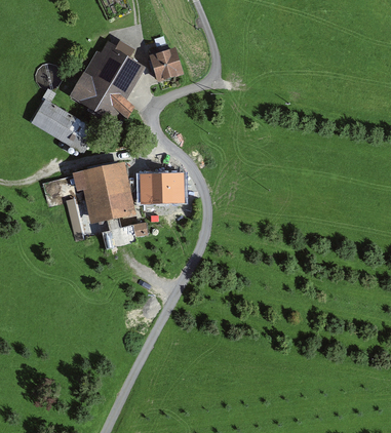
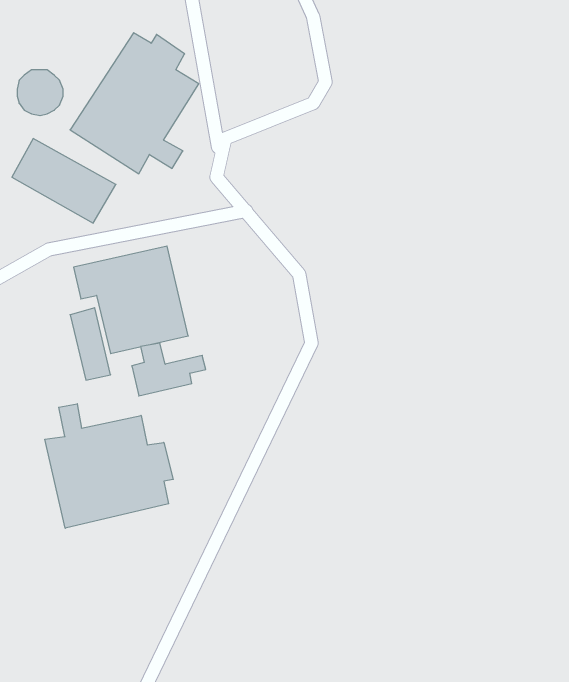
building: [151,45,182,79] -> none
building: [141,174,186,204] -> none
building: none -> [45,404,173,528]

